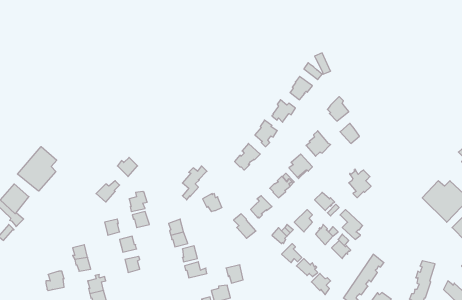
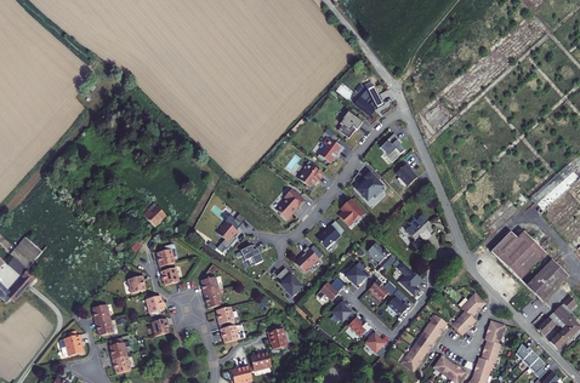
building: [17,147,57,191] -> none
building: none -> [451,293,485,336]

